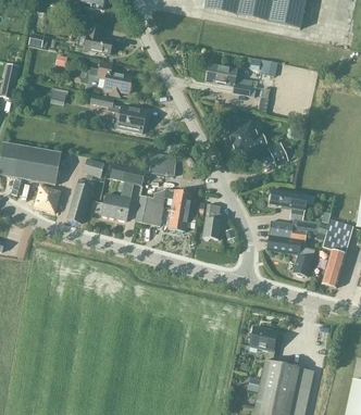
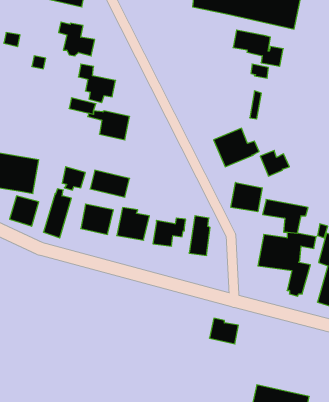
building: [207,62,253,96] -> [233,30,283,66]
building: [149,151,177,175] -> none
building: none -> [231,182,262,212]
building: [153,188,192,210] -> none
building: [249,326,276,350] -> [209,318,238,344]

